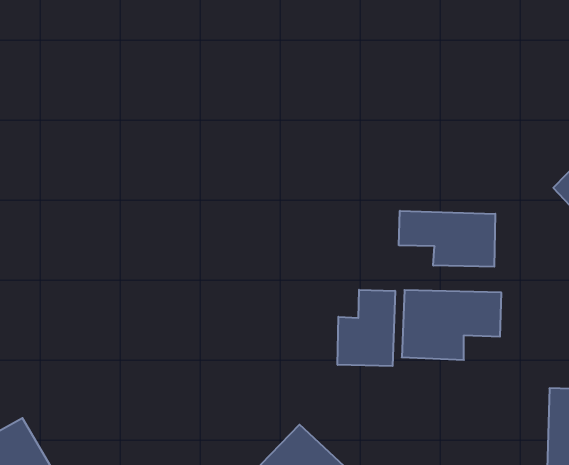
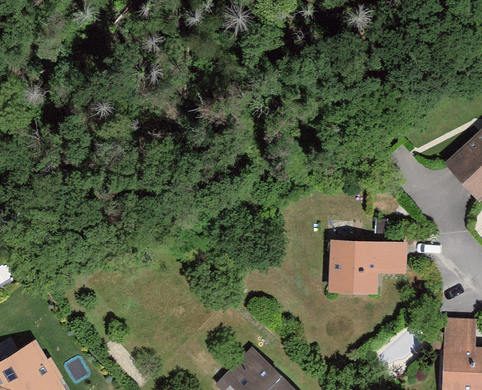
building: [399,211,495,267] -> none
building: [338,290,395,366] -> none

